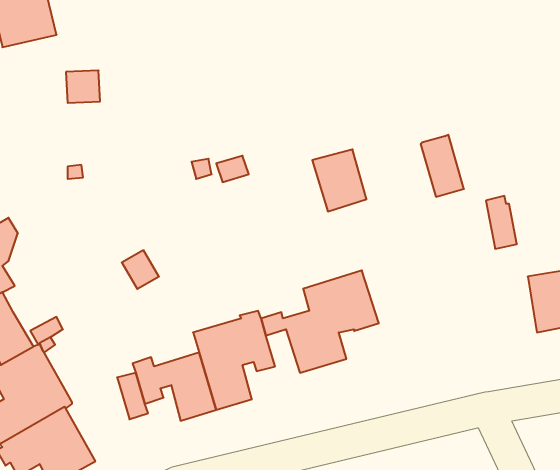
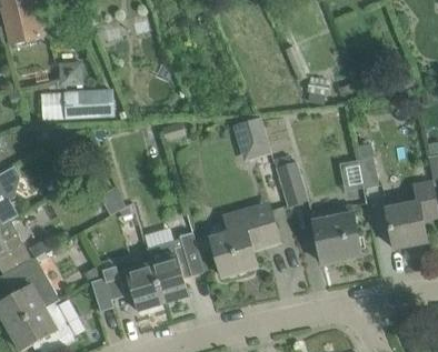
building: none -> [40,89,113,119]
building: [421,135,464,197] -> [276,160,307,204]
building: none -> [310,204,361,262]

